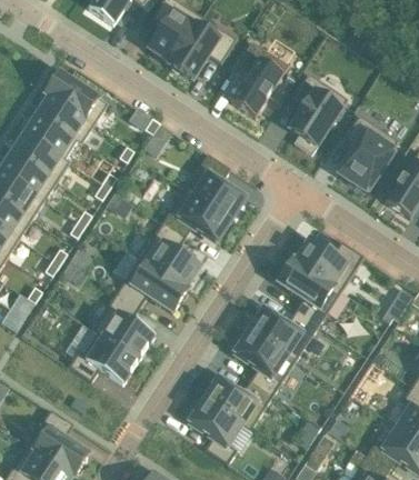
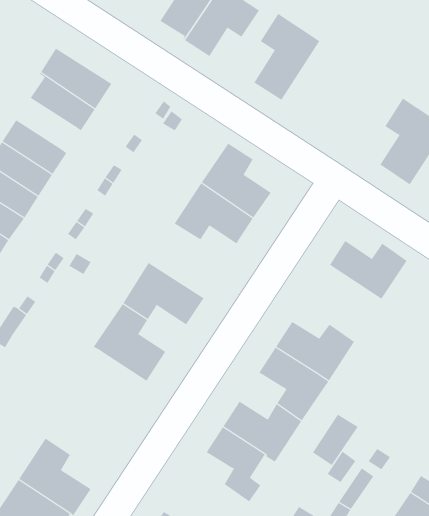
building: [288,73,346,153] -> none
building: [23,114,76,159] -> none
building: [138,223,199,287] -> none
building: [277,258,340,326] -> none
building: [67,332,137,383] -> none
building: none -> [312,414,359,466]

